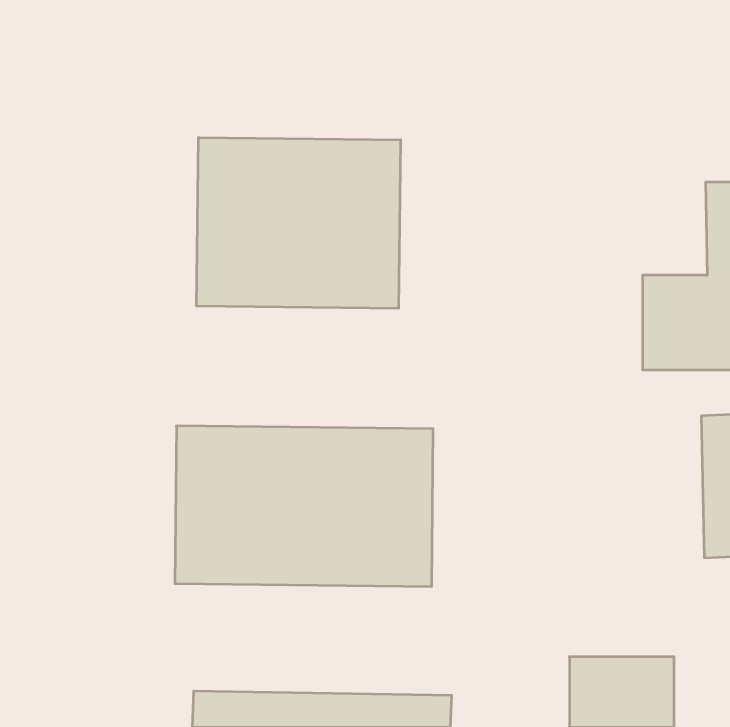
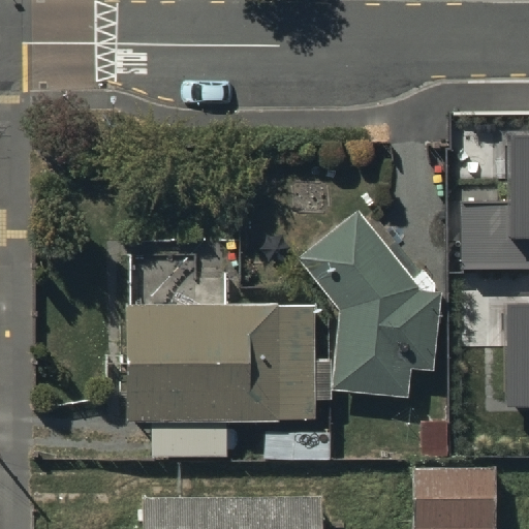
building: [197,137,401,308] -> none
building: none -> [306,221,434,398]

